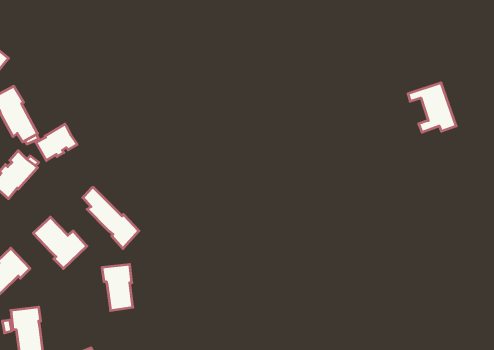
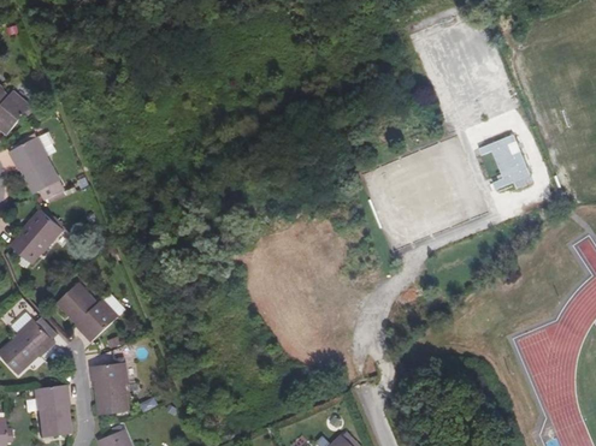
building: [36,124,77,161] -> none
building: [83,187,139,249] -> none
building: [102,264,133,311] -> [92,363,126,415]

